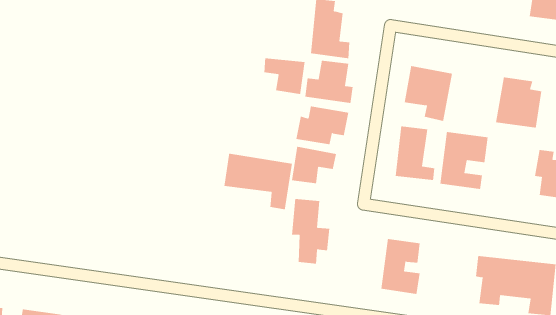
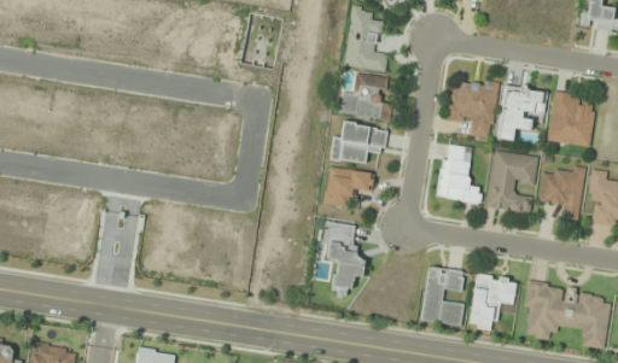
building: [264,58,305,95] -> none
building: none -> [499,83,547,141]
building: none -> [538,165,585,221]
building: [224,153,293,210] -> none
building: none -> [470,274,517,329]

